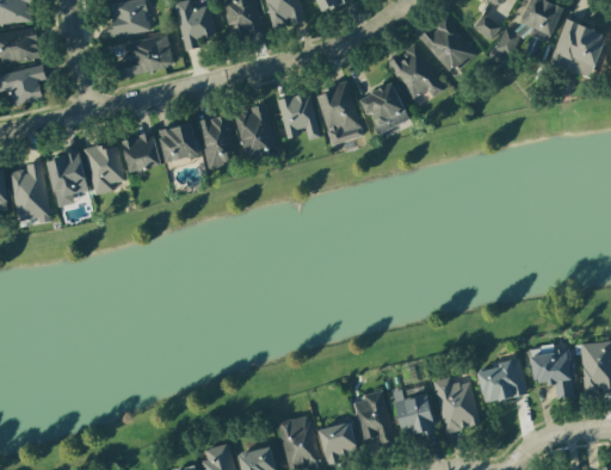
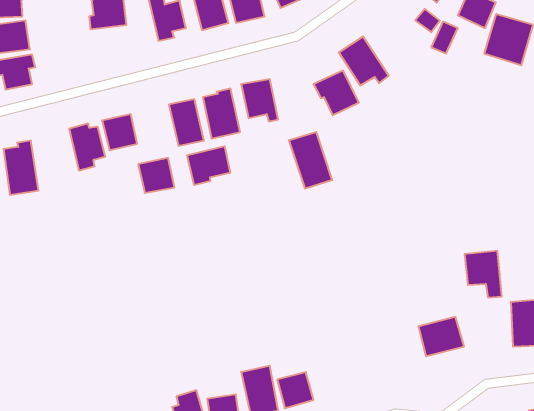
building: [418,17,475,73] -> none
building: [121,33,173,75] -> none
building: [314,81,363,144] -> [289,132,332,188]
building: [158,122,198,161] -> [138,158,174,193]
building: [47,151,87,205] -> none
building: none -> [187,146,230,185]
building: [530,345,572,397] -> [465,251,502,298]
building: [432,375,480,432] -> none
building: [352,389,394,446] -> none
building: [393,389,434,437] -> none

